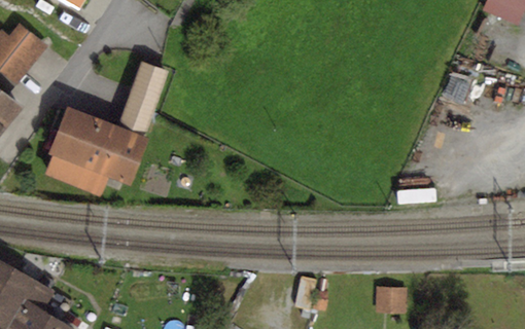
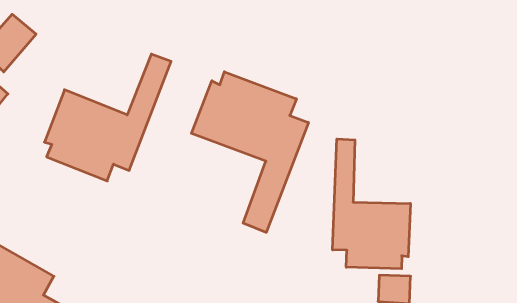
building: none -> [191,72,308,232]
building: none -> [333,139,410,269]

